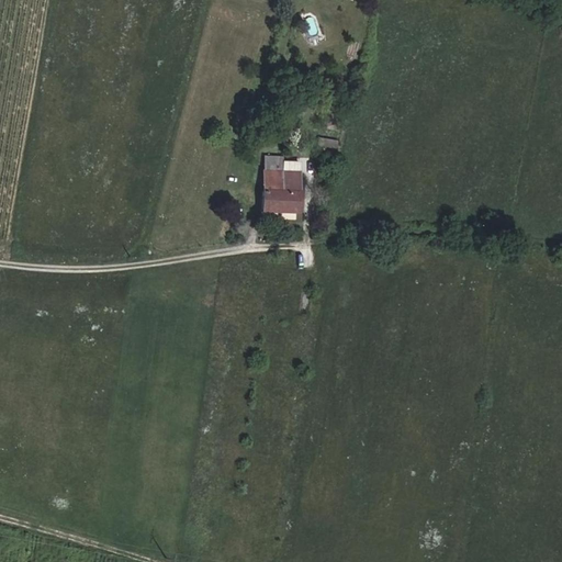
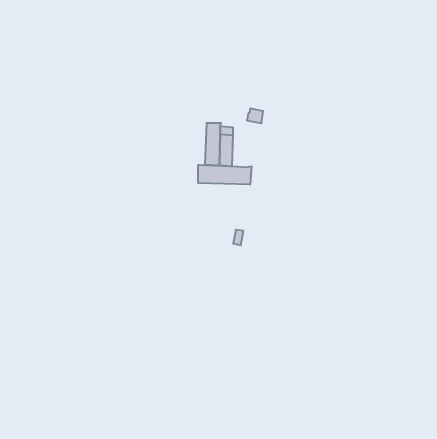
building: none -> [198,165,251,185]

